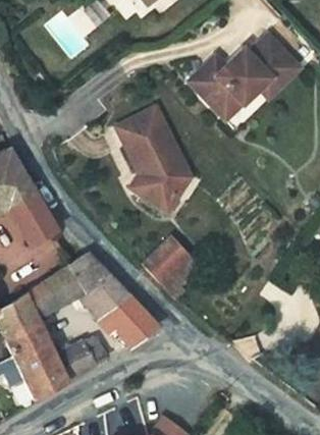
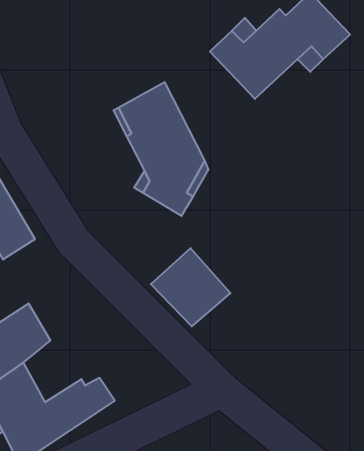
building: [47,252,160,344] -> none

